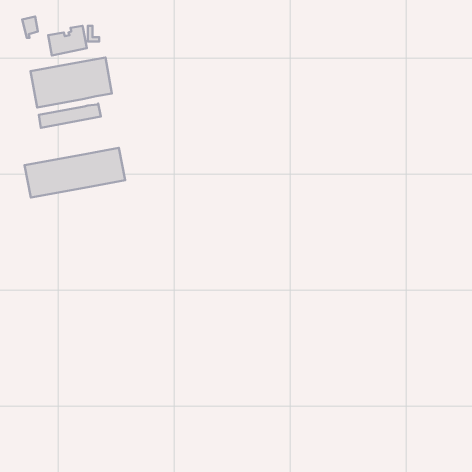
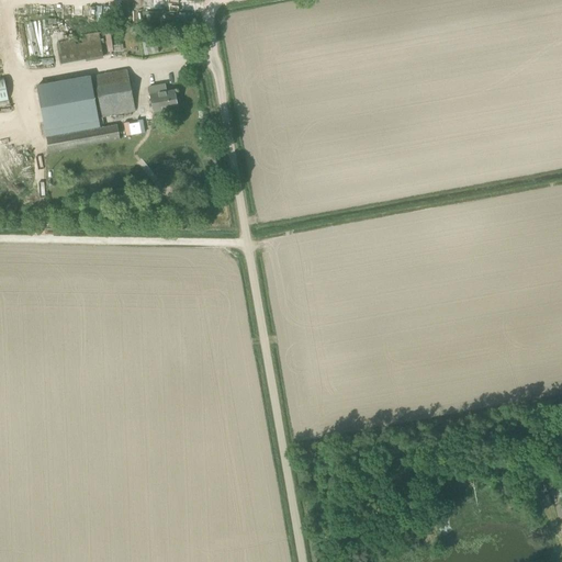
building: none -> [149,83,178,111]
building: [25,148,125,198] -> none

